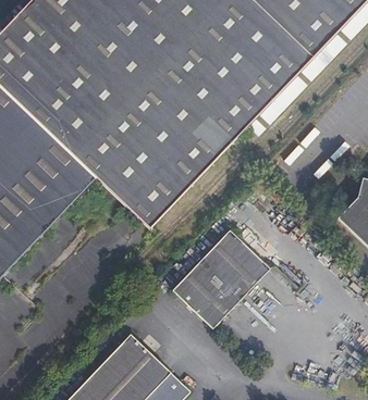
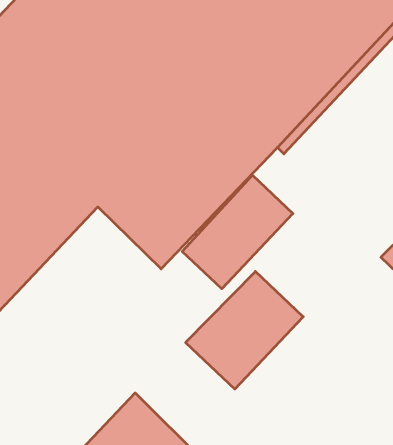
building: none -> [182,175,293,289]

